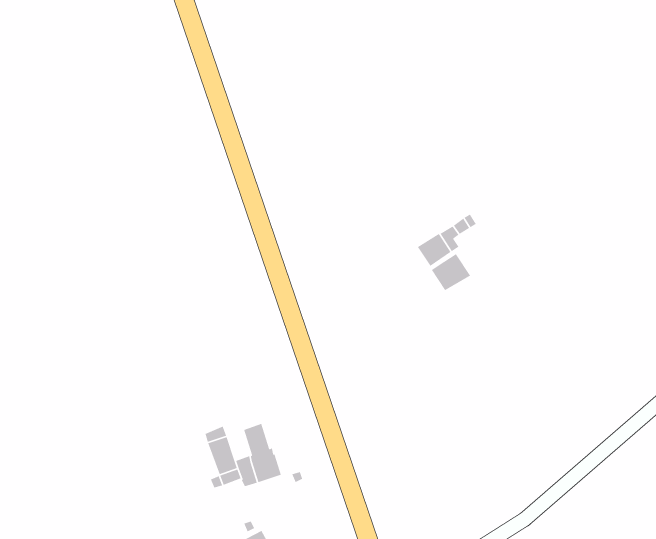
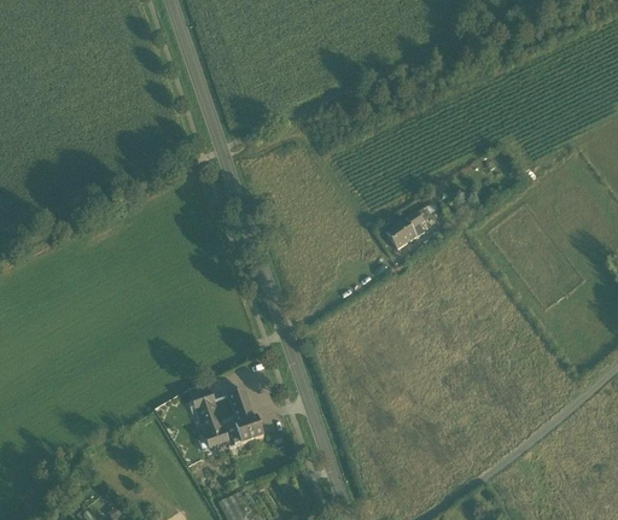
building: [431,253,471,291] -> none

